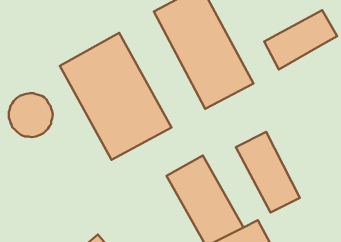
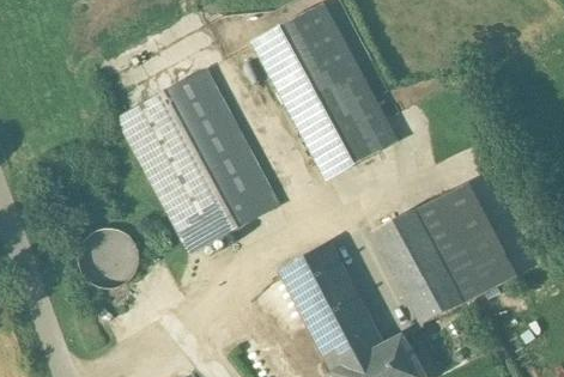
building: [264,10,337,70] -> none
building: [9,93,53,137] -> [77,226,139,288]
building: none -> [414,182,515,303]

